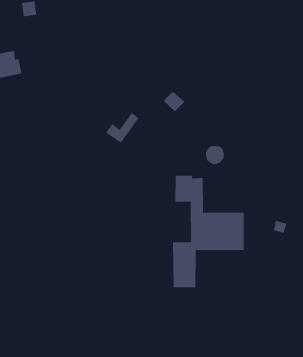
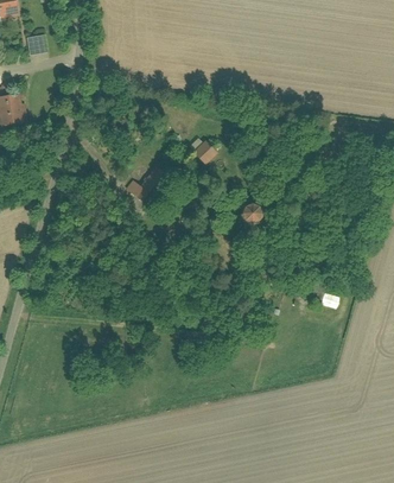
building: [172,175,244,288] -> none

